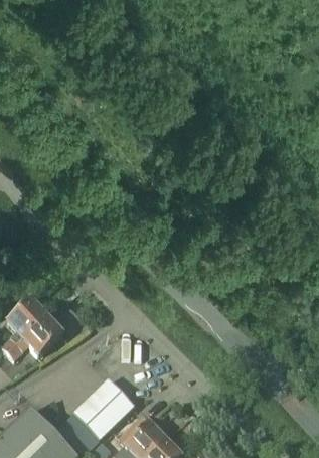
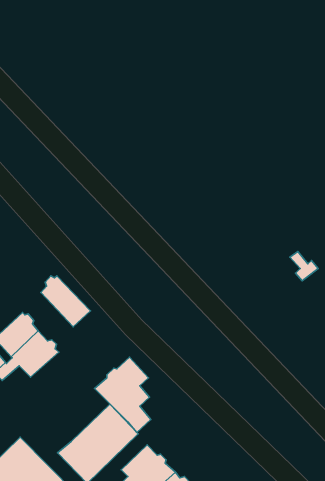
building: none -> [41,276,91,327]
building: none -> [94,357,151,432]

